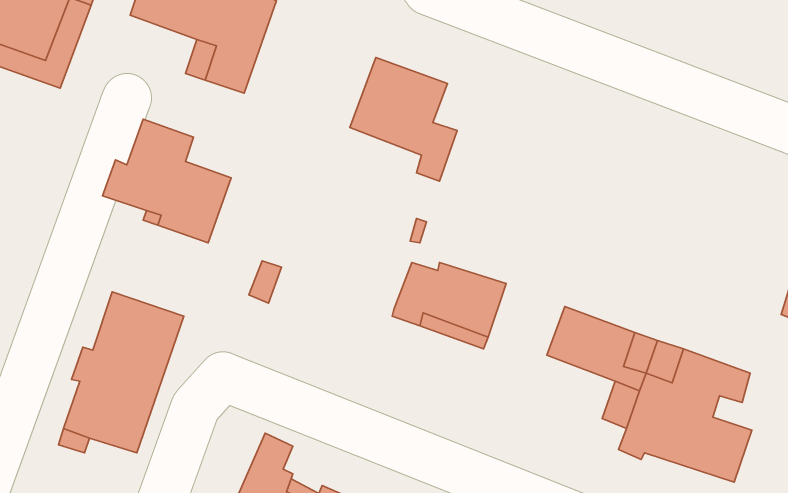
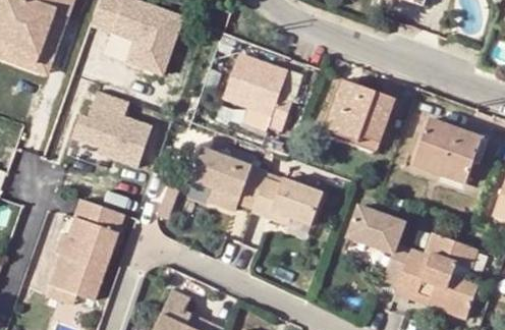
building: none -> [326,78,396,143]
building: none -> [415,117,484,181]
building: none -> [193,152,268,212]

